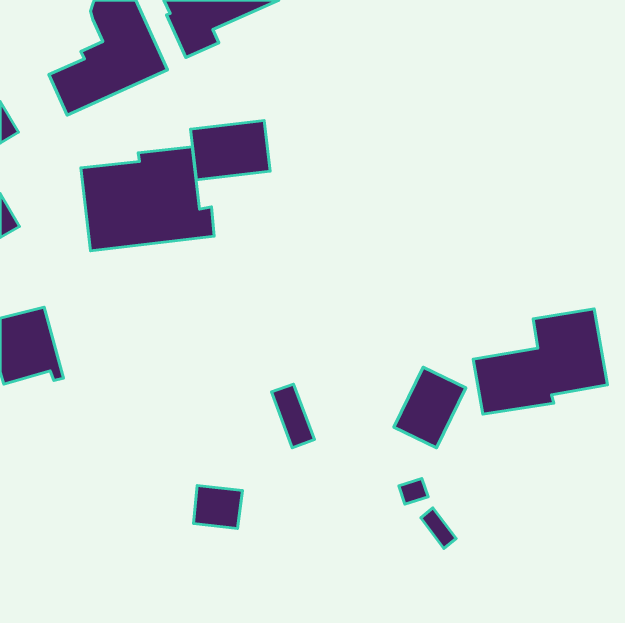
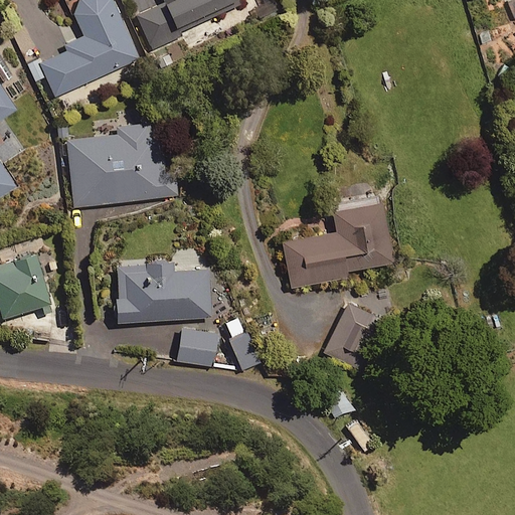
building: [191,120,270,180] -> none
building: [473,309,608,414] -> [283,200,393,287]
building: none -> [116,264,211,322]
building: [194,486,243,528] -> [177,331,217,366]

